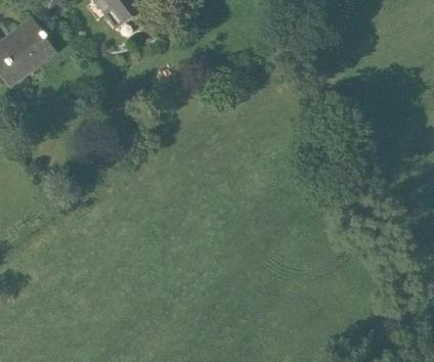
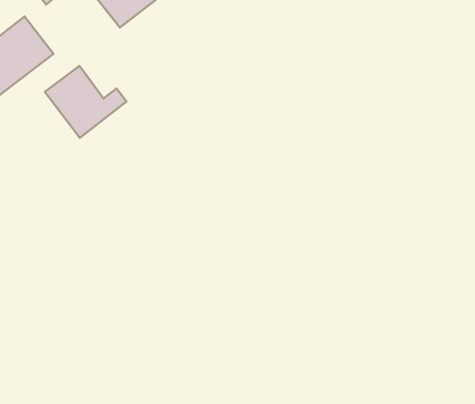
building: none -> [45,66,127,138]

